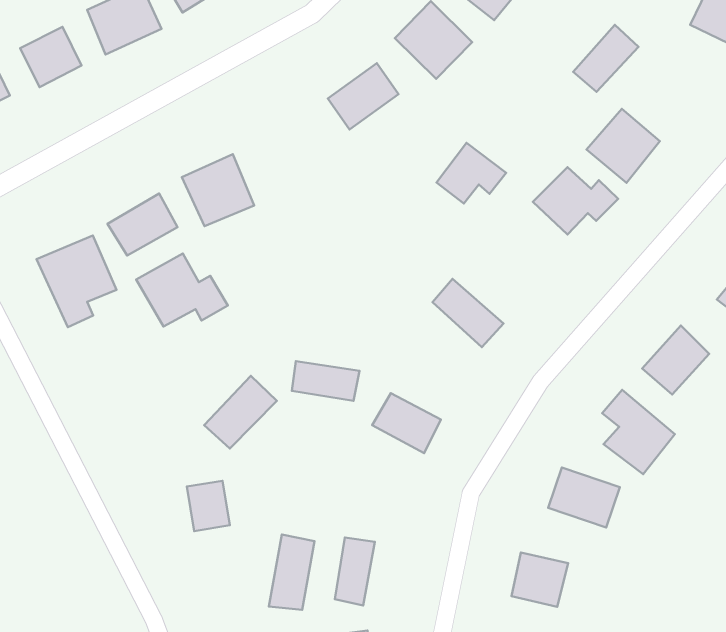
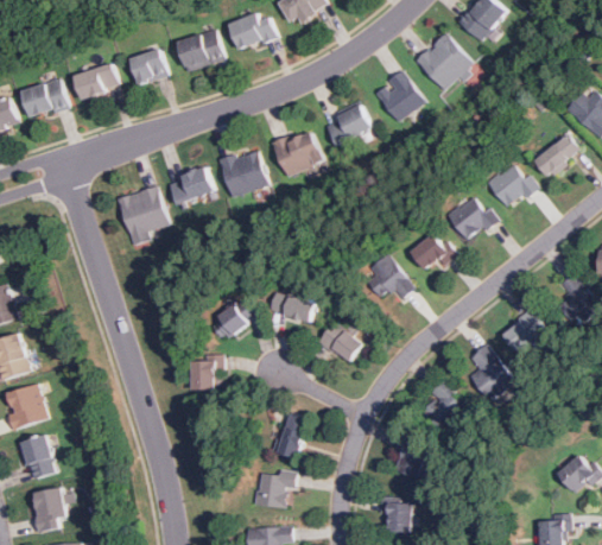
building: [573,25,638,92] -> [534,135,579,177]
building: none -> [273,131,321,175]
building: [436,143,506,204] -> [410,230,456,270]
building: [136,253,228,326] -> none
building: [269,535,314,610] -> none

